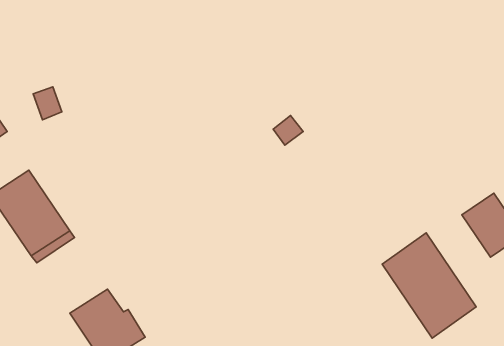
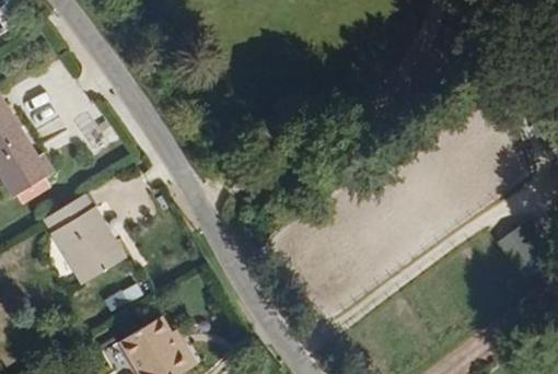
building: [382,233,476,338] -> none

